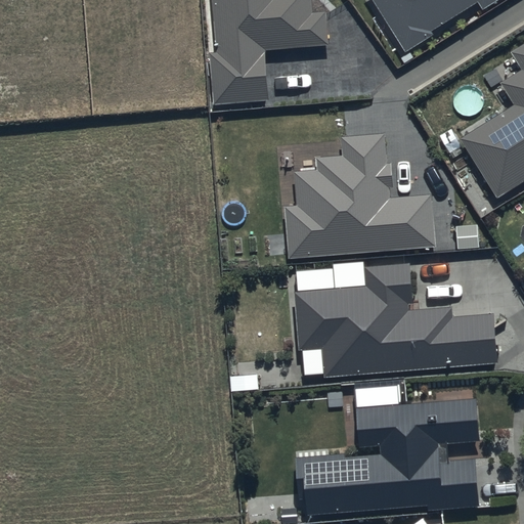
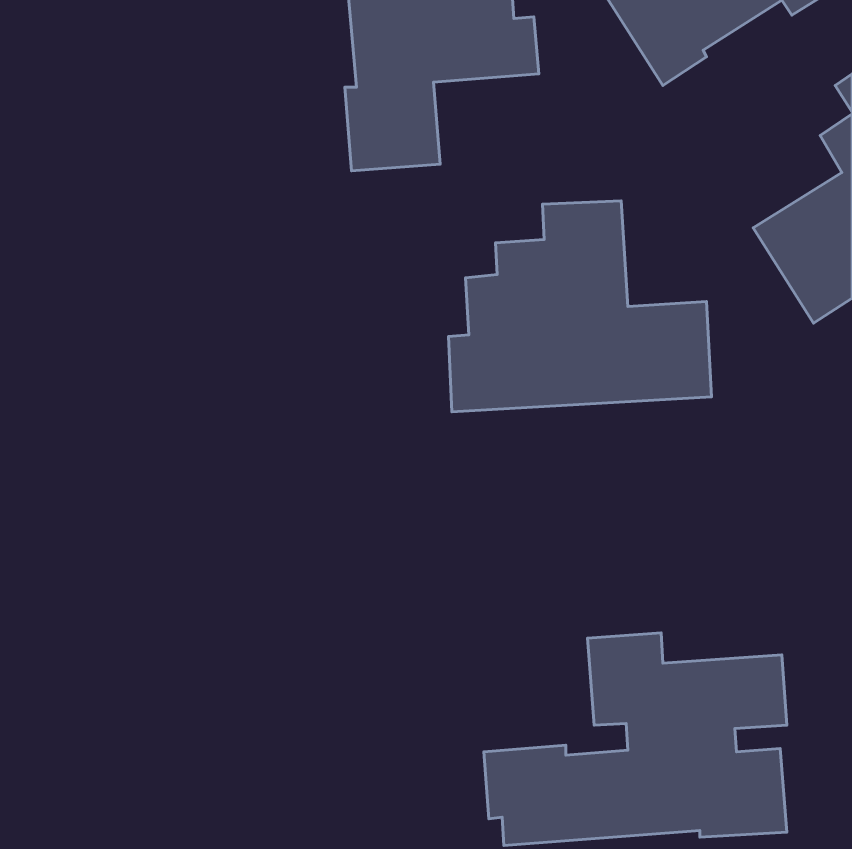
building: [294,264,499,378] -> none

